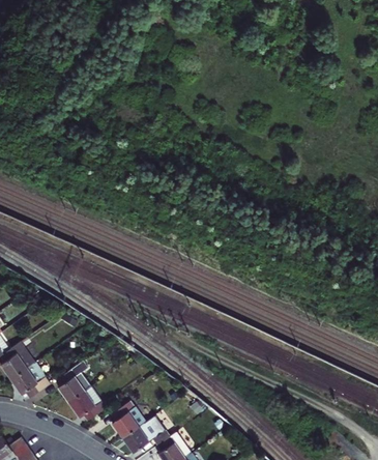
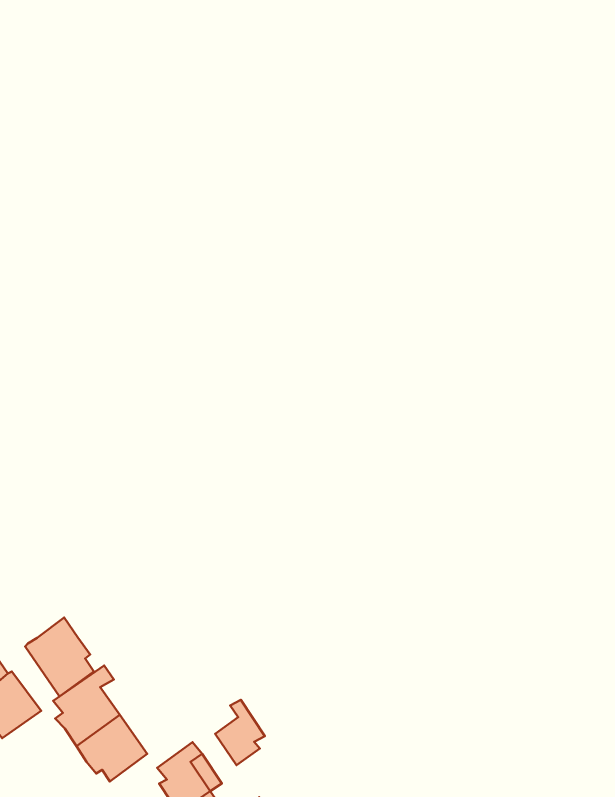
building: none -> [25,617,94,697]
building: none -> [215,700,265,765]

